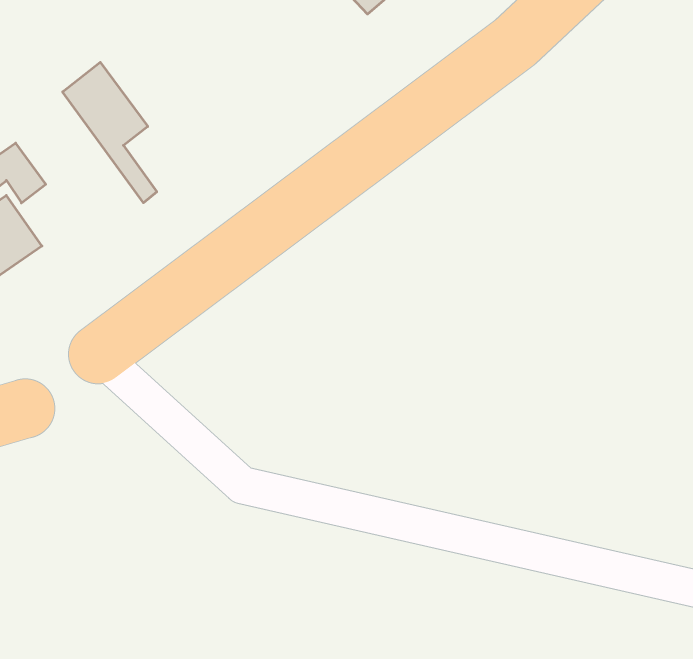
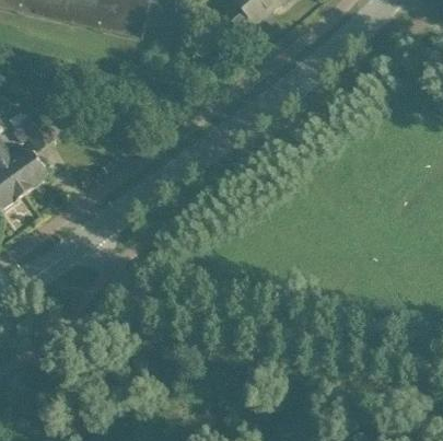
building: [63,62,157,203] -> none

